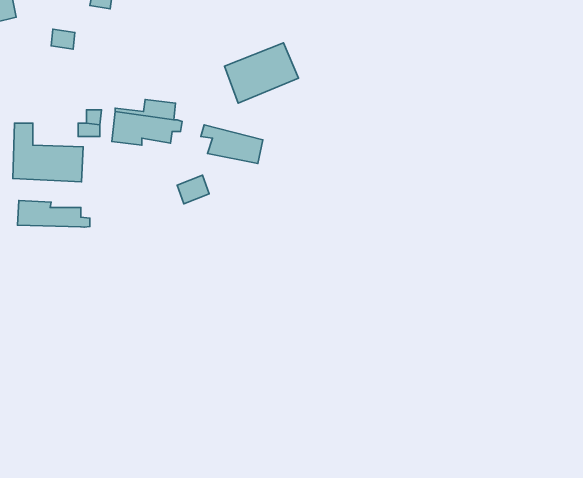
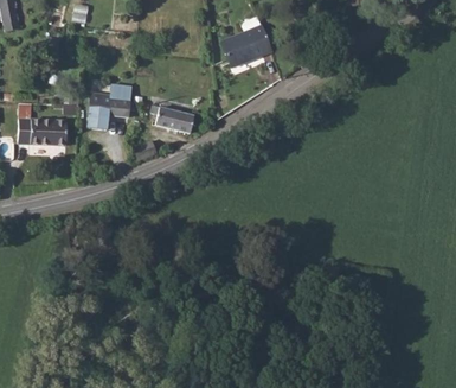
building: [225,43,298,103] -> [220,25,272,68]
building: [18,201,90,227] -> none

